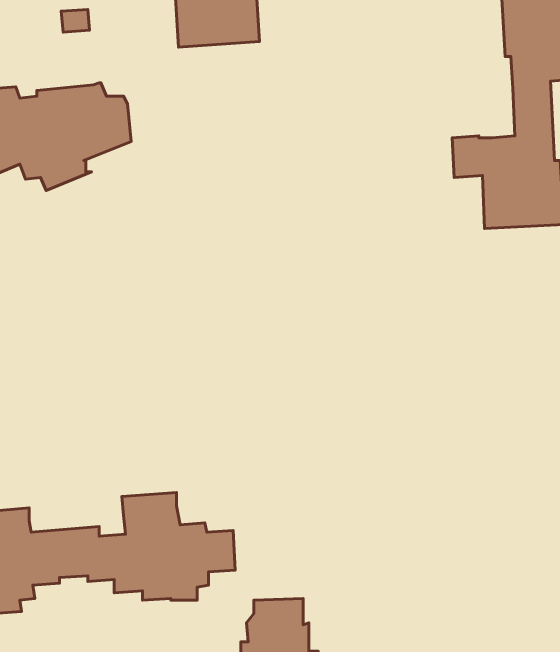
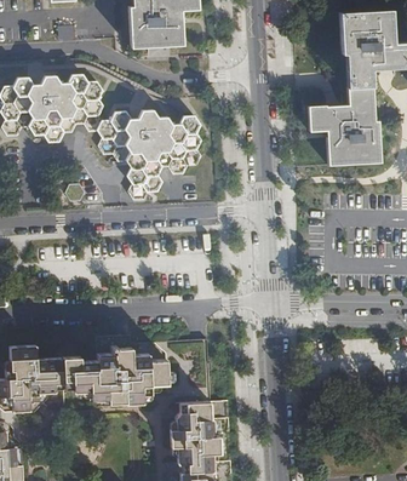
building: none -> [99,105,203,195]

